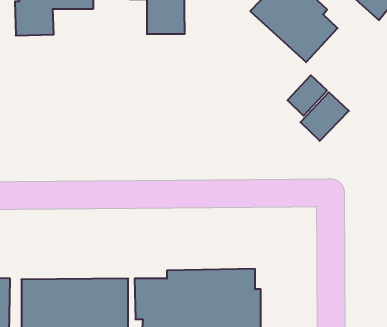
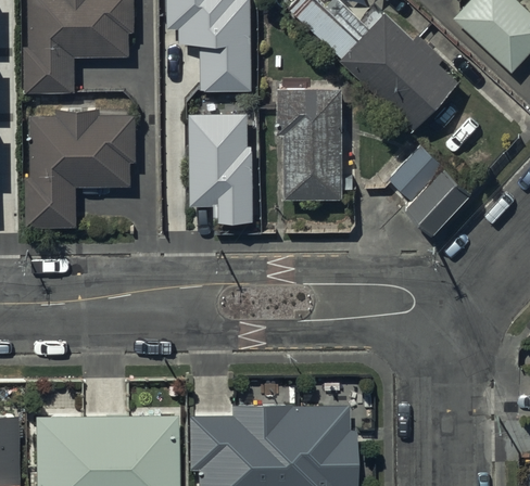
building: none -> [276,87,343,200]
building: none -> [24,110,136,227]
building: none -> [188,114,254,223]

